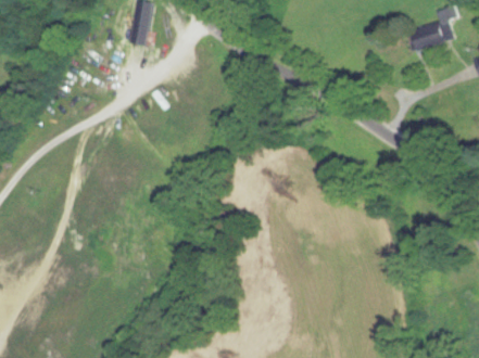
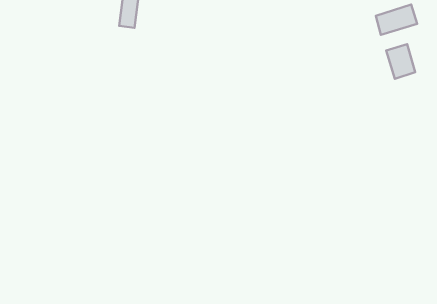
building: none -> [386,44,415,79]

